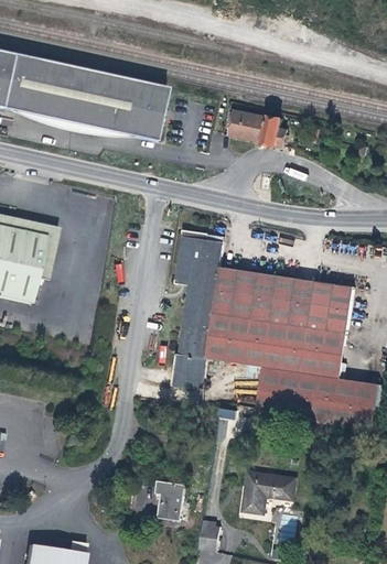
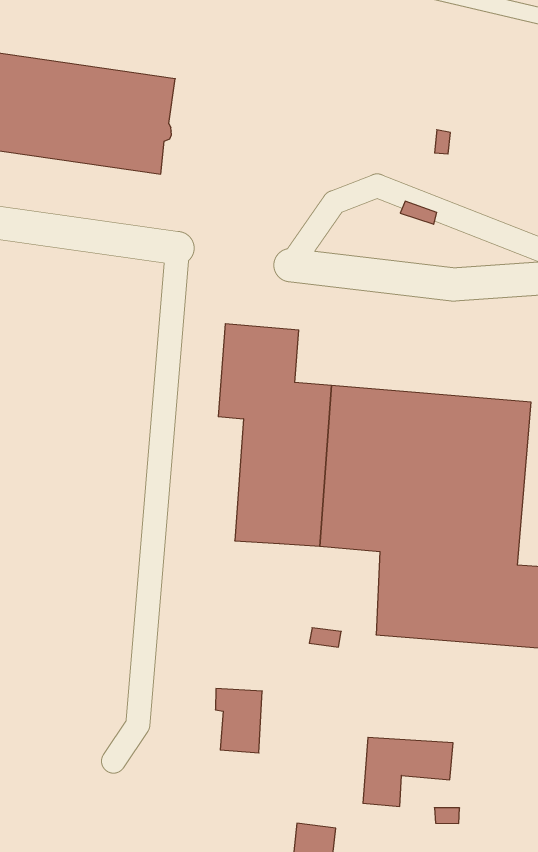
building: [233,109,289,144] -> none
building: [173,352,206,384] -> none
building: [159,479,186,518] -> [215,689,262,753]

